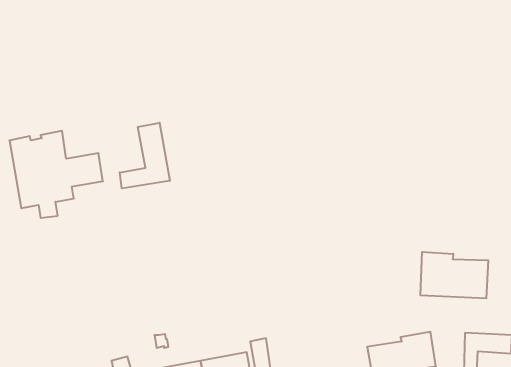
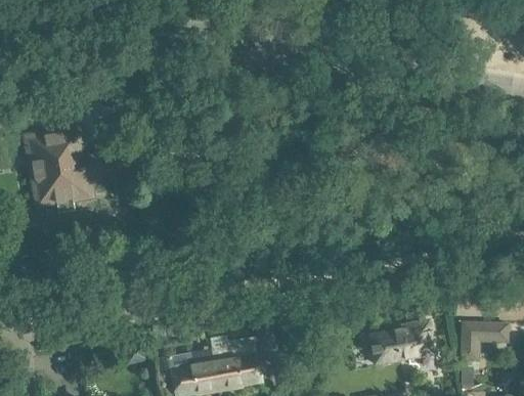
building: [120,123,170,188] -> none
building: [421,252,488,298] -> none

